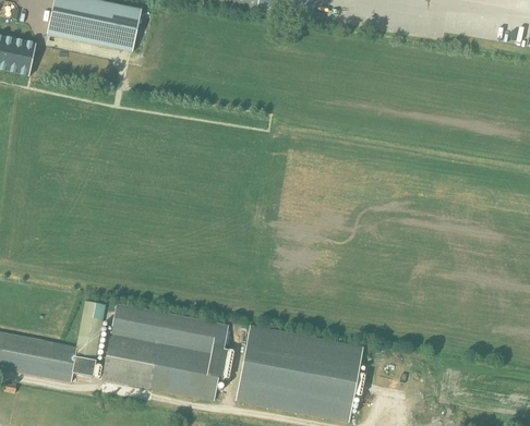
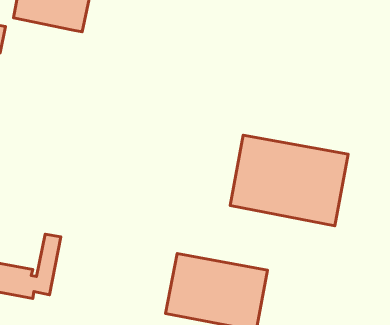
building: none -> [230,135,348,226]
building: [103,303,236,399] -> none

